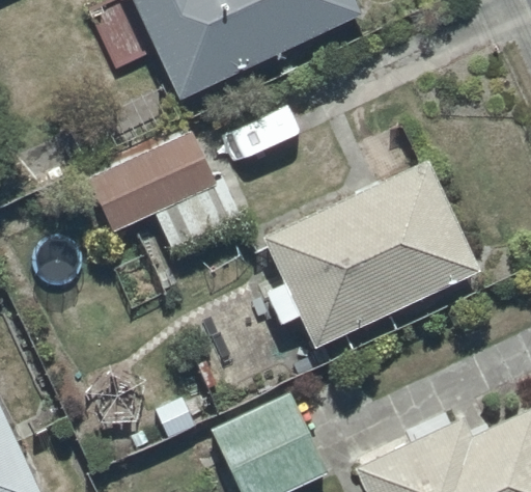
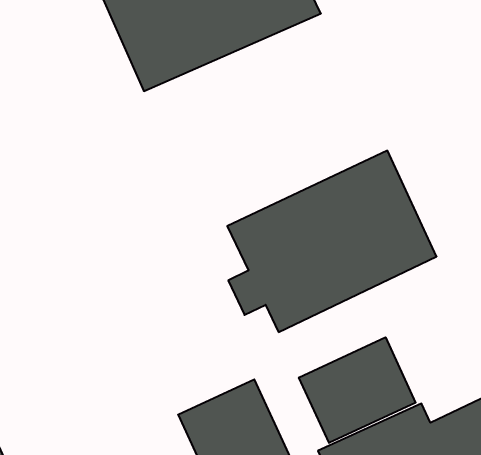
building: [91,132,241,248] -> none
building: none -> [299,337,416,443]

